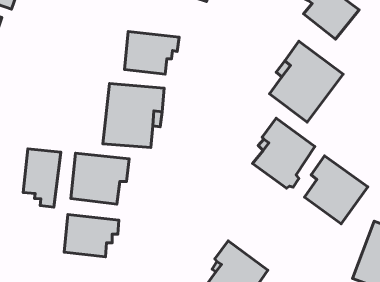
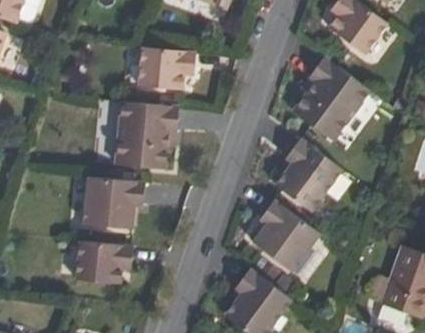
building: [23,149,61,207] -> none
building: [305,156,368,224] -> [254,200,321,272]

